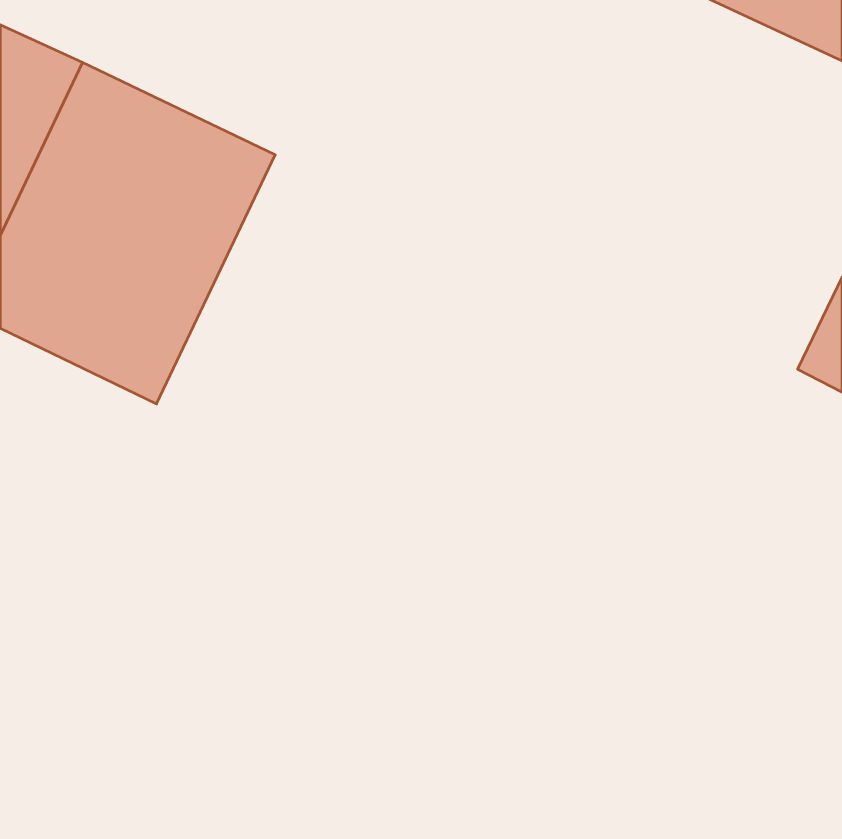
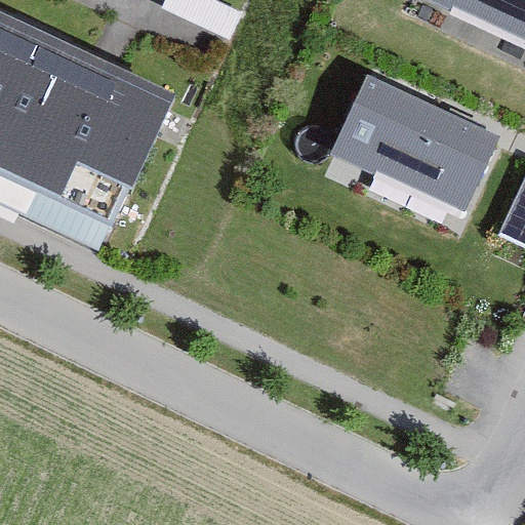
building: none -> [328,71,503,220]

